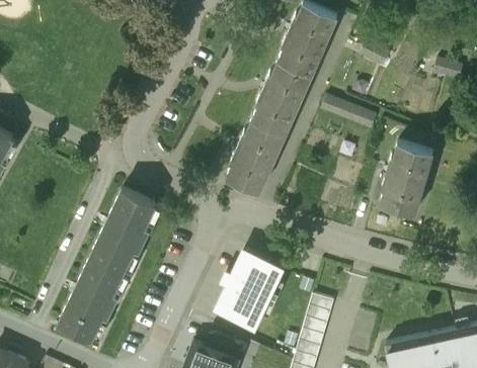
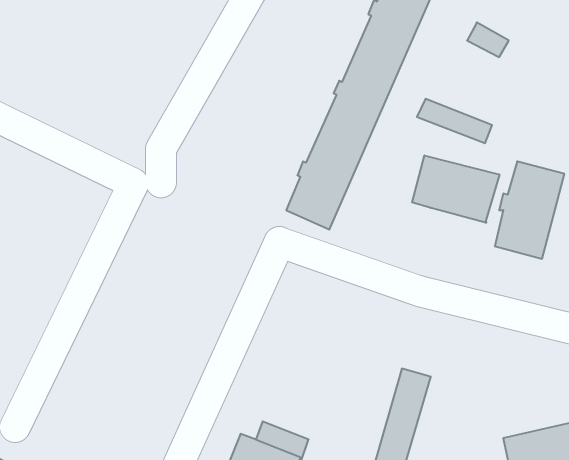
building: none -> [412,155,499,223]
building: [60,193,151,338] -> none
building: [216,249,284,330] -> none

